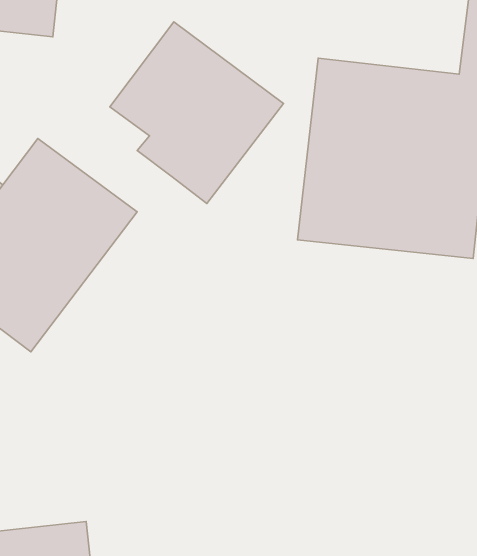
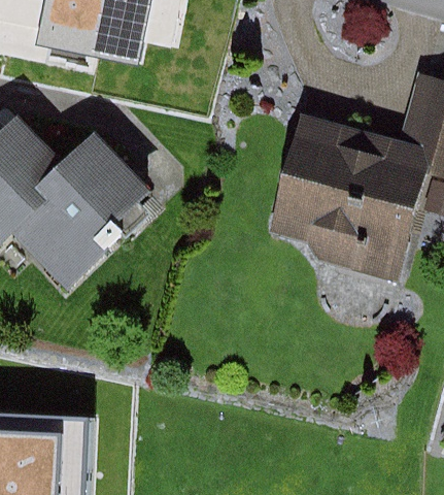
building: [110,22,284,203] -> none

